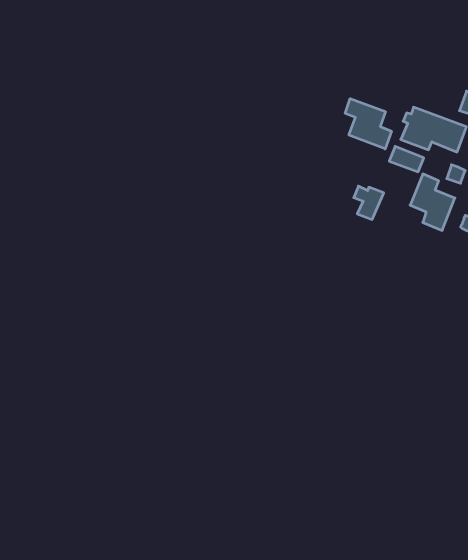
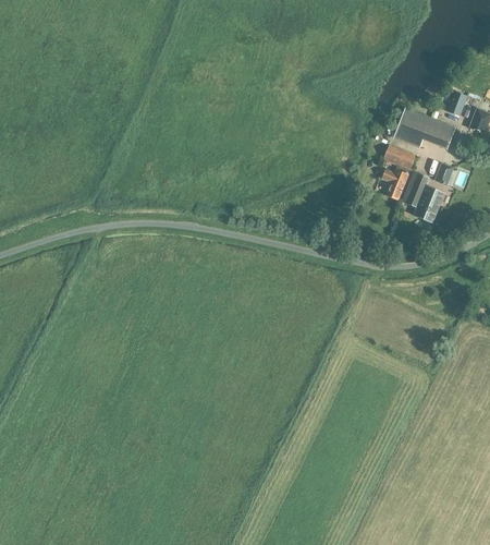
building: [345,99,391,149] -> none
building: [354,186,384,219] -> [382,168,411,199]

